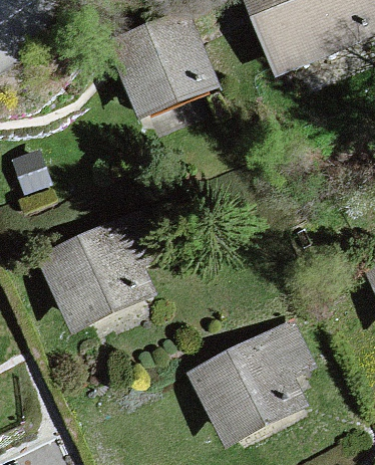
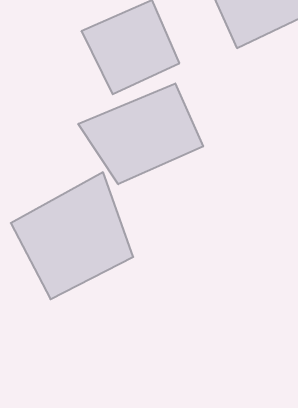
building: none -> [78,83,203,184]
building: [185,319,313,447] -> none

